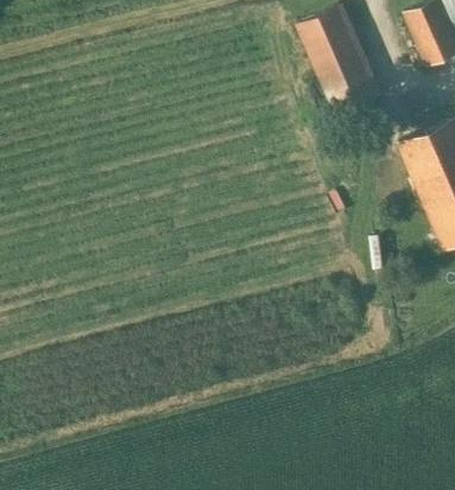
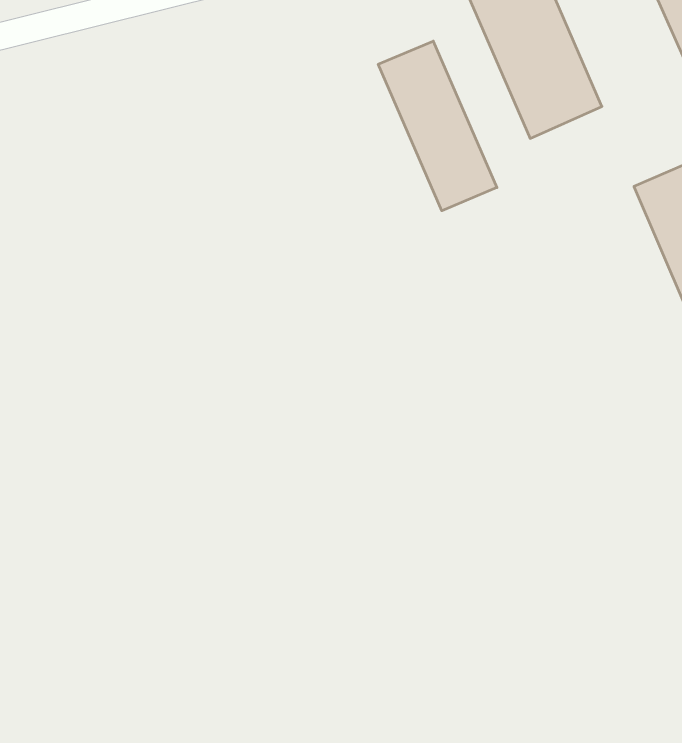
building: none -> [378,41,497,211]

